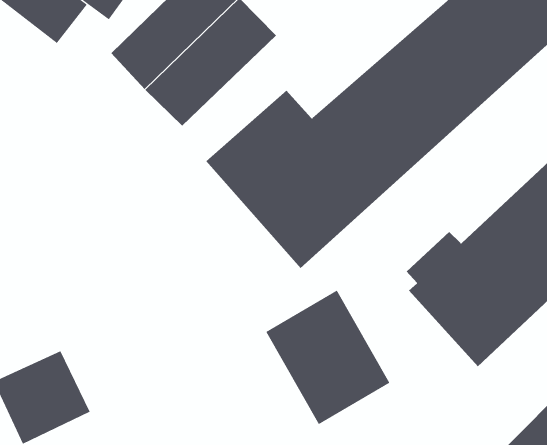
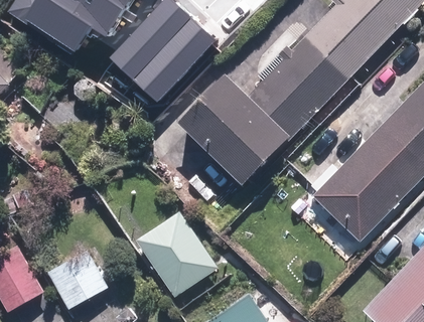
building: [265,290,390,425] -> [135,212,217,299]

